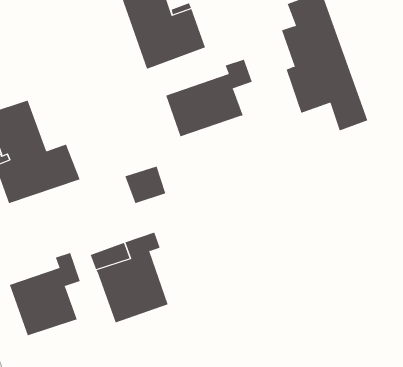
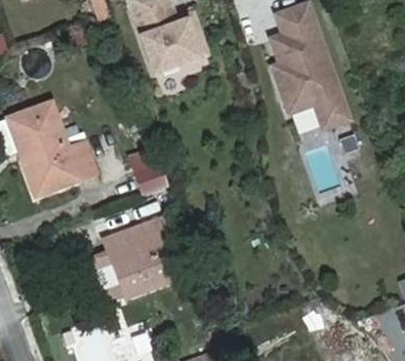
building: [165,59,252,137] -> none
building: [9,252,81,336] -> none

